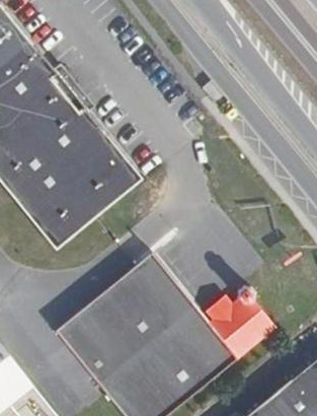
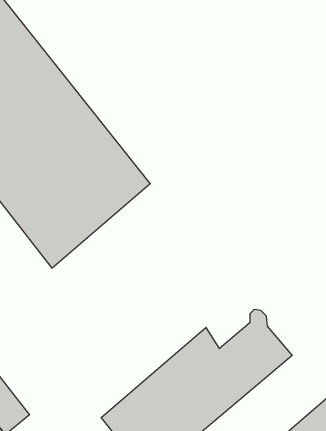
building: [55,247,192,387] -> none

